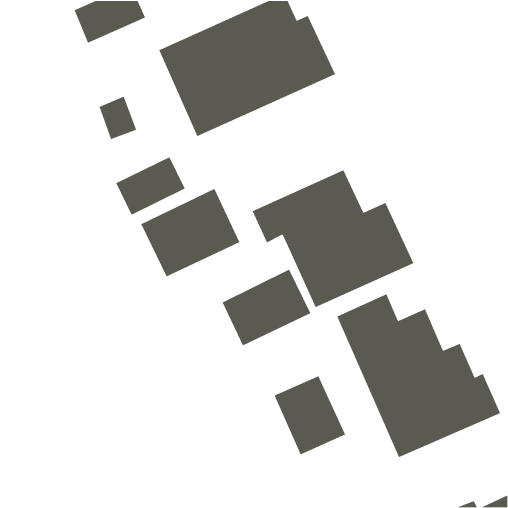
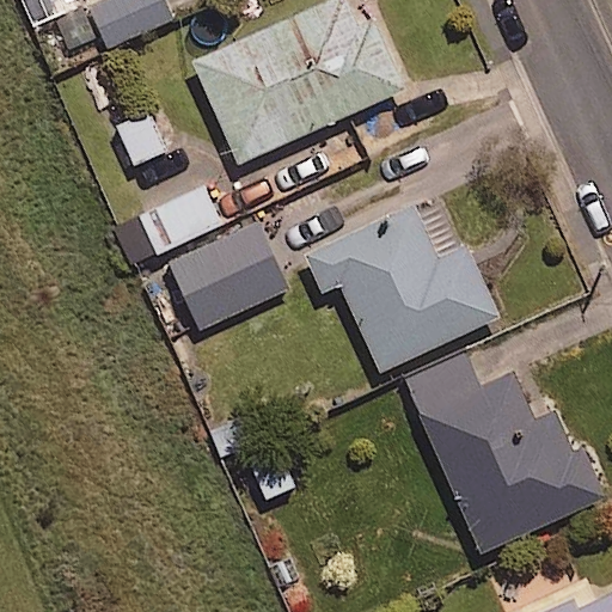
building: [221,269,311,346] -> none
building: [273,375,346,455] -> none

